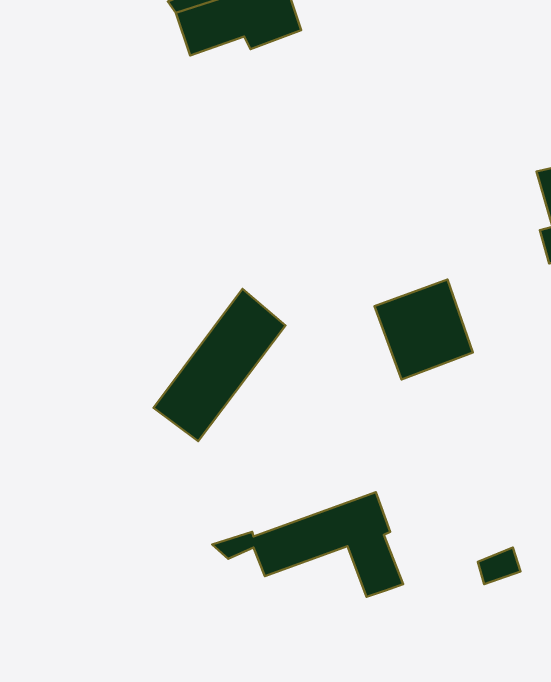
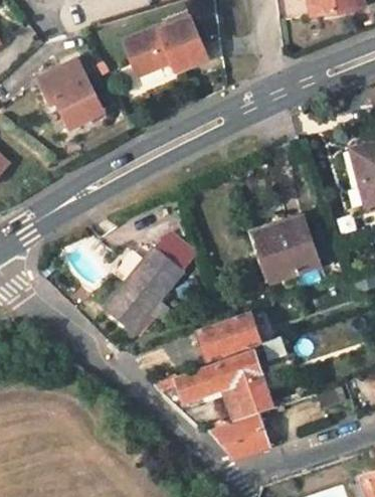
building: none -> [36,59,103,130]
building: none -> [197,312,261,364]
building: none -> [224,413,271,458]

